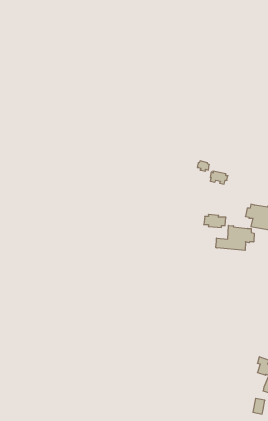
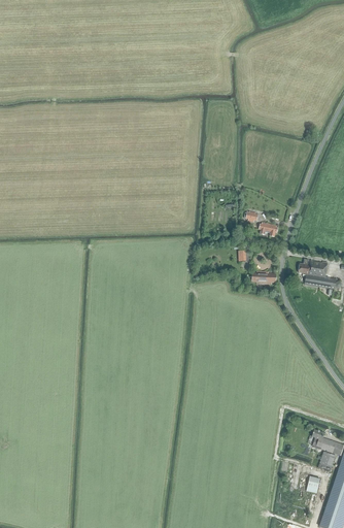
building: [216,225,254,250] -> none

